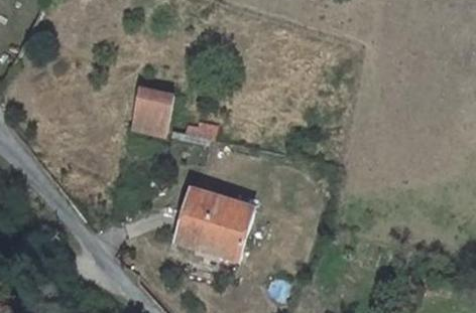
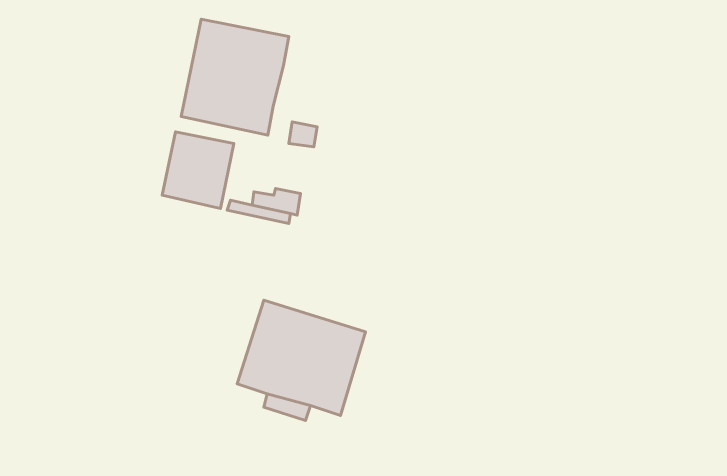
building: none -> [181,19,289,135]

